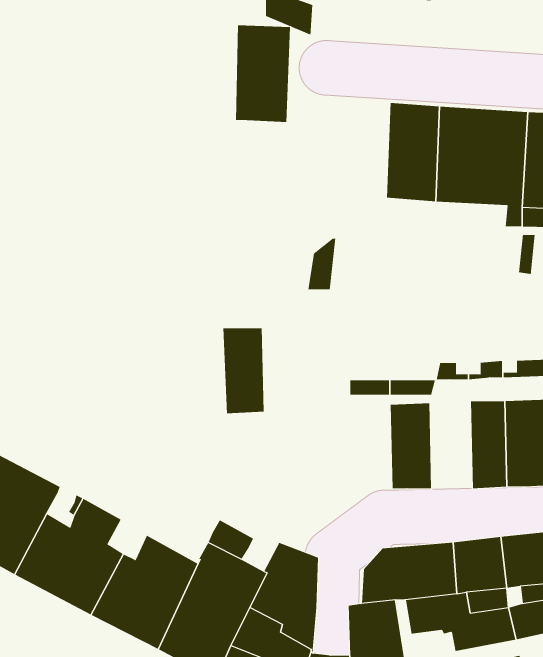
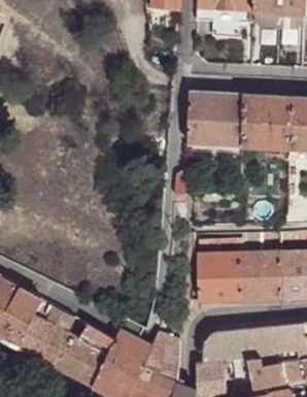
building: [235,25,291,123] -> [190,91,219,143]
building: [222,328,264,414] -> [198,255,220,301]
building: none -> [241,253,264,300]

